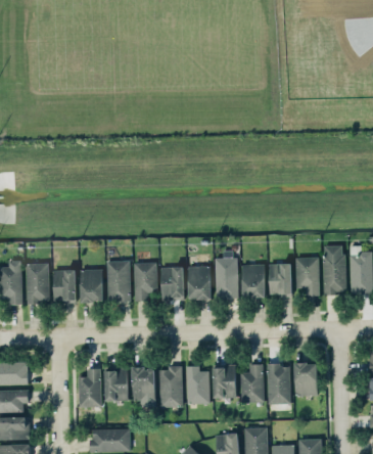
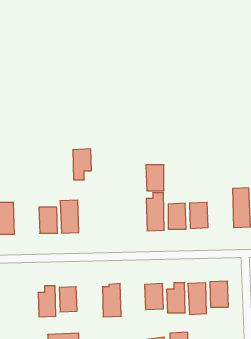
building: [295,257,319,296] -> none
building: [134,262,157,301] -> [73,149,91,180]
building: [161,266,184,300] -> none
building: [188,266,211,299] -> [146,165,164,191]
building: [53,269,77,303] -> none
building: [186,365,209,403] -> none
building: [132,367,155,407] -> none

